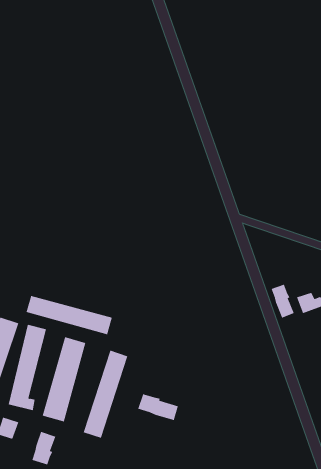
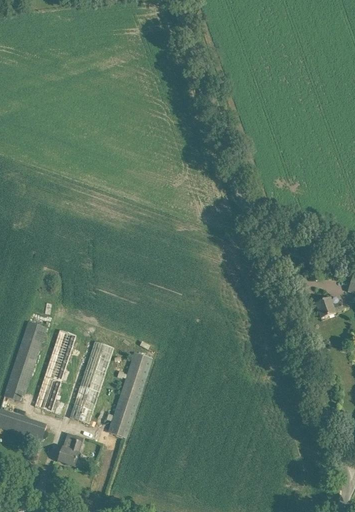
building: [271,284,294,319] -> none
building: [26,295,113,335] -> none
building: [138,393,178,421] -> none

